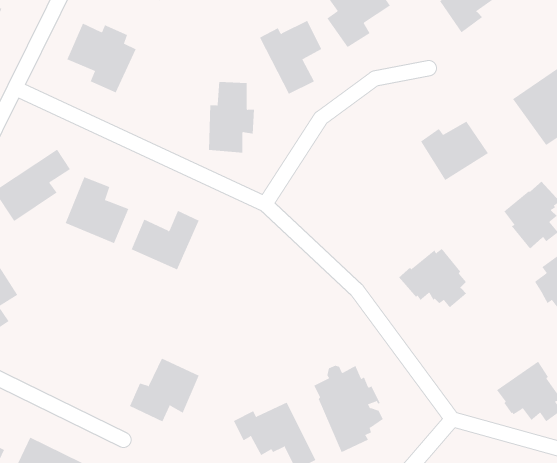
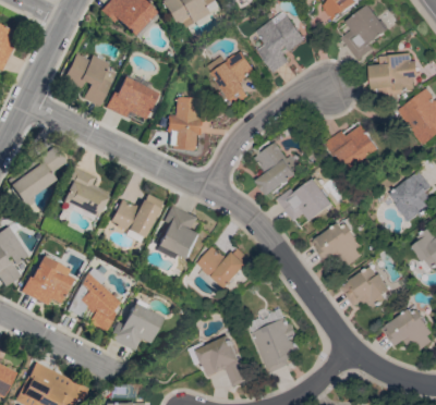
building: none -> [368,52,419,95]
building: none -> [106,76,158,119]
building: none -> [255,143,298,195]
building: none -> [277,179,332,221]
building: none -> [156,205,199,259]
building: none -> [196,246,252,290]
building: none -> [23,256,75,304]
building: none -> [68,267,122,331]
building: none -> [340,267,390,308]

